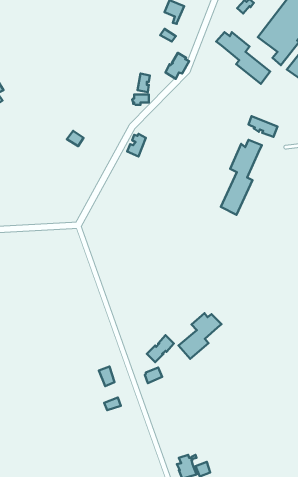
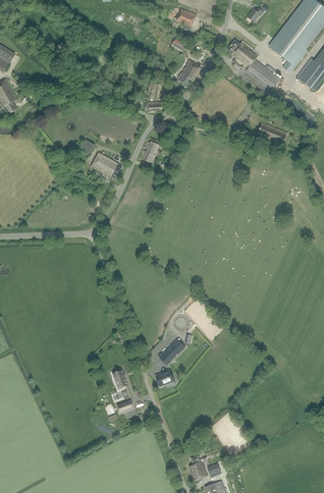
building: [221,140,262,215] -> none
building: none -> [91,152,122,179]
building: [178,313,221,359] -> none

